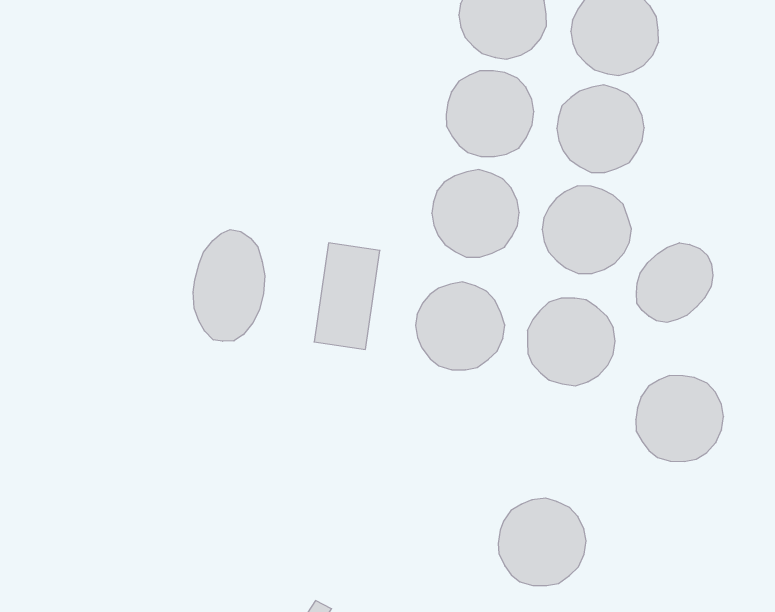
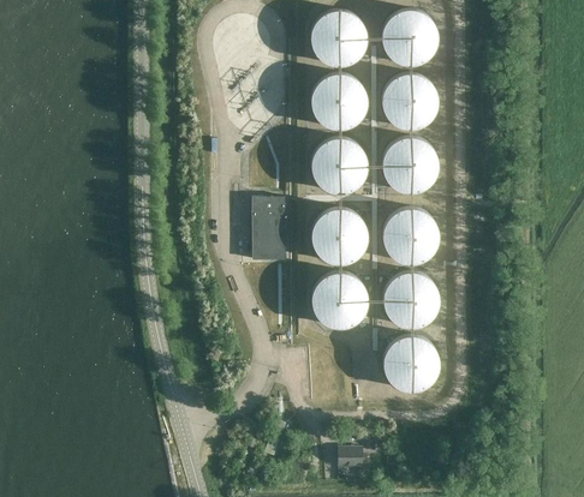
building: [193,230,265,341] -> none
building: [637,243,713,322] -> none
building: [636,376,724,461] -> [385,274,439,328]
building: none -> [311,273,365,328]

